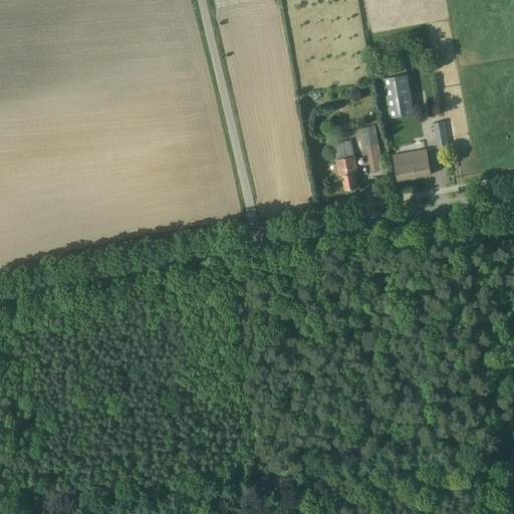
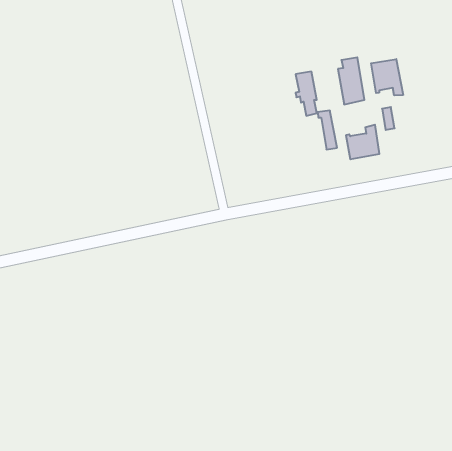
building: none -> [371,59,403,95]
building: [333,142,357,192] -> [296,72,317,116]

